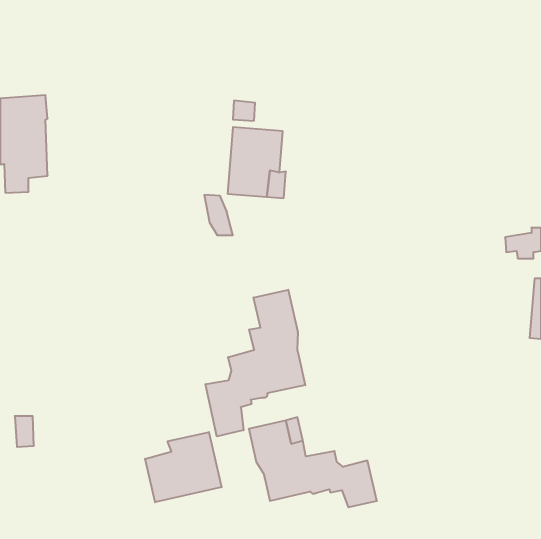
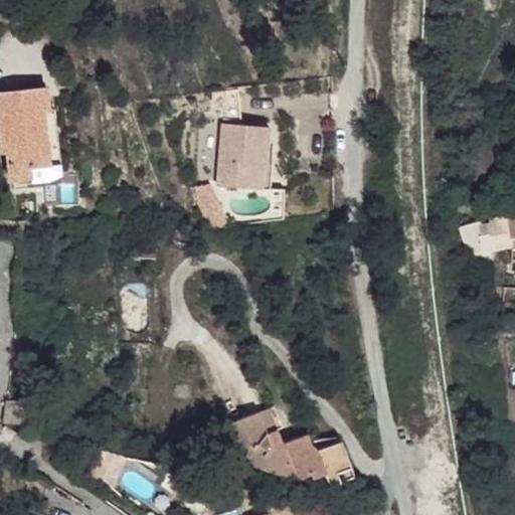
building: [206,290,305,436] -> none
building: [145,432,222,502] -> none

